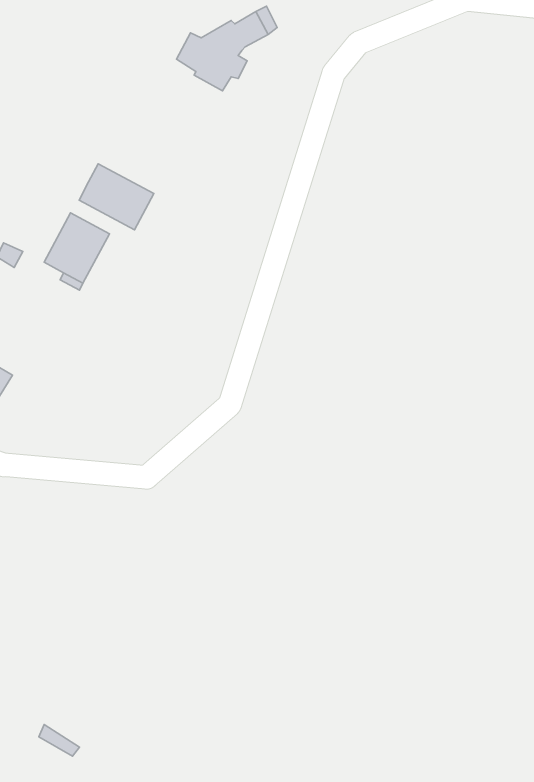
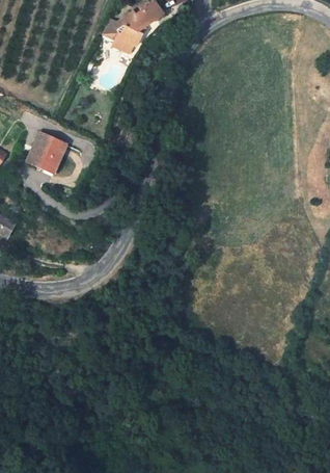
building: [79,164,154,230] -> none

